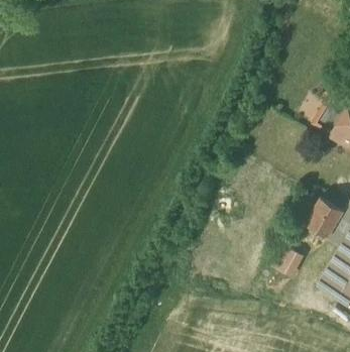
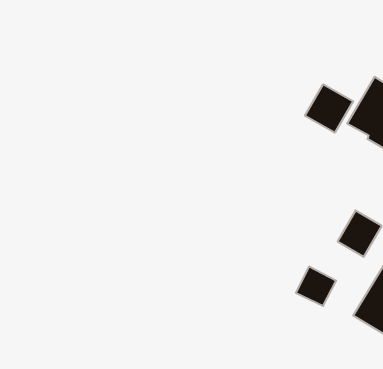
building: none -> [305,84,353,133]

